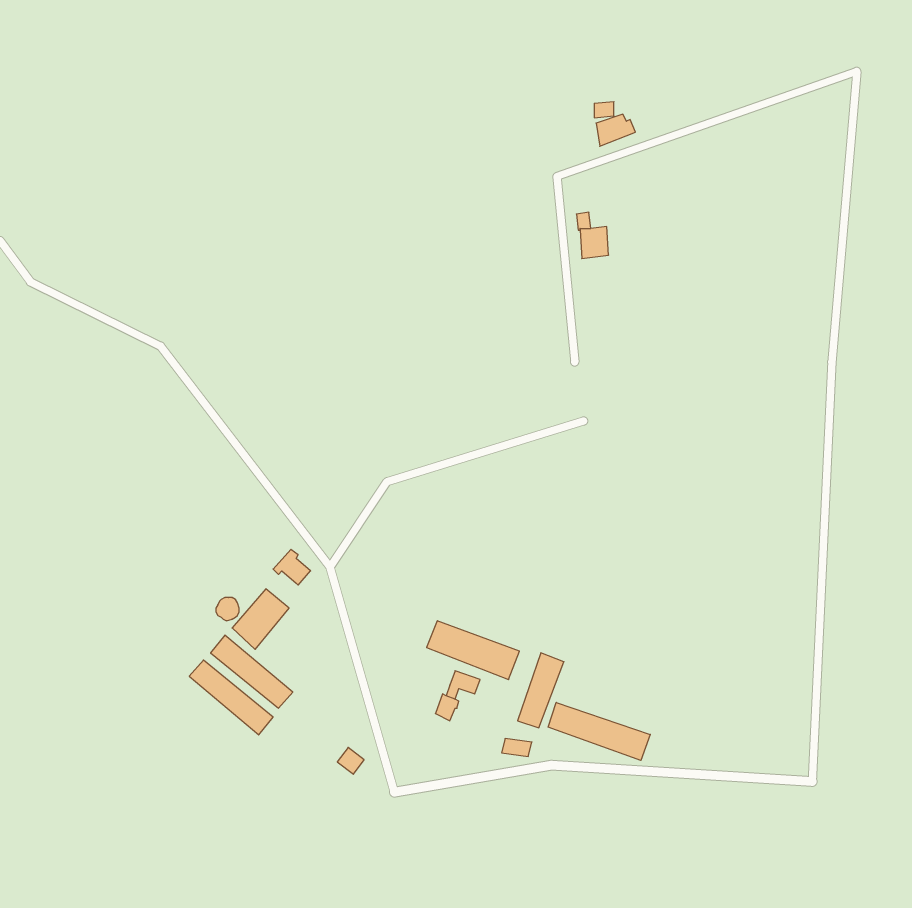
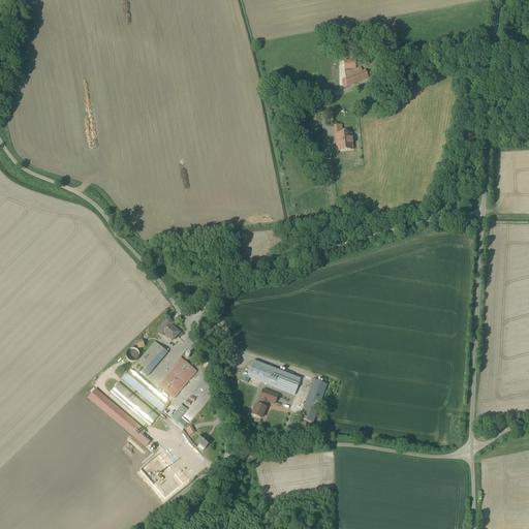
building: none -> [157,357,195,397]
building: [548,702,650,760] -> none

